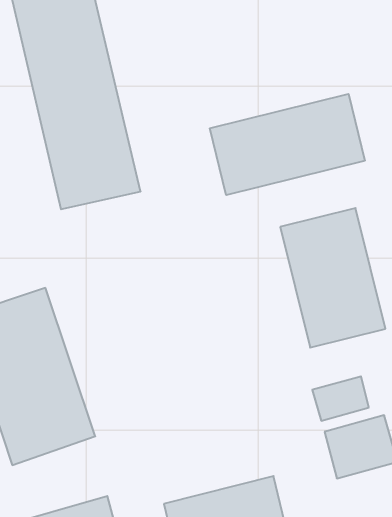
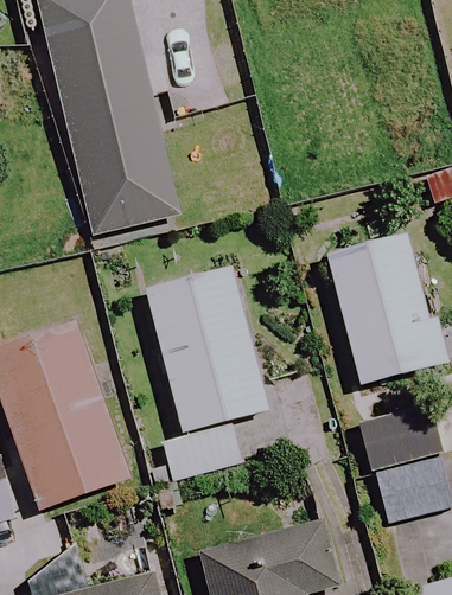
building: [210,94,365,195] -> none
building: none -> [147,268,268,480]

